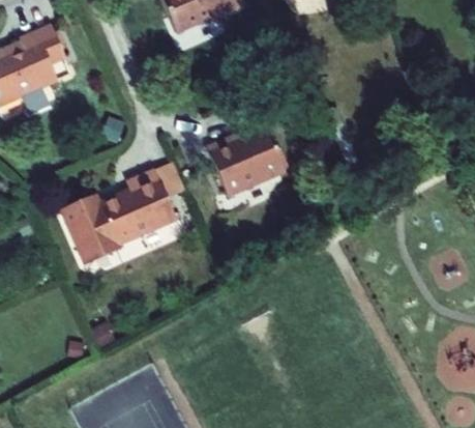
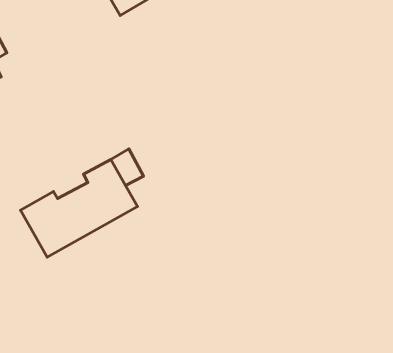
building: [206,127,285,197] -> none

